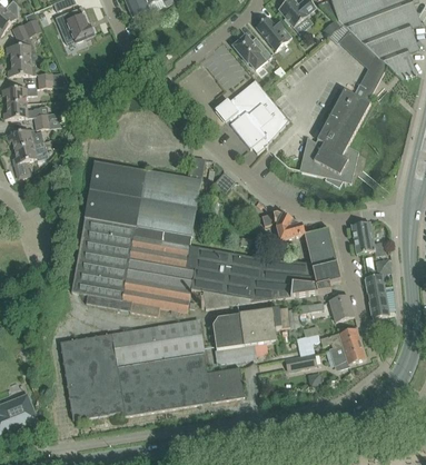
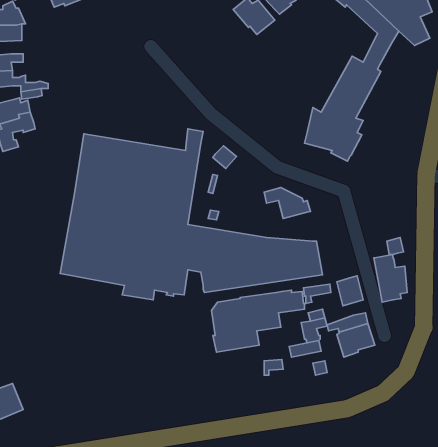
building: [214,78,288,151] -> none
building: [350,220,385,255] -> none
building: [304,227,340,291] -> none
building: [60,318,244,418] -> none

